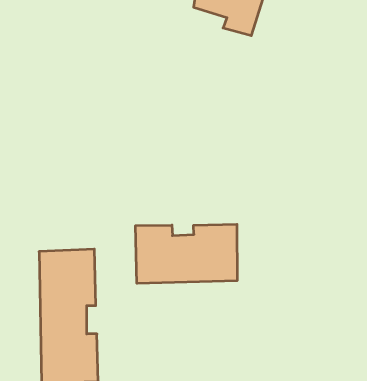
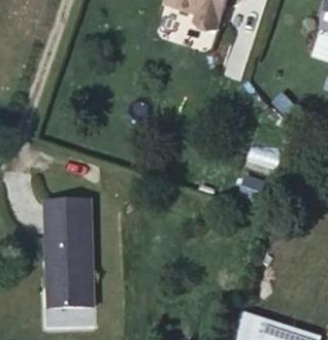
building: [136,224,237,283] -> none

